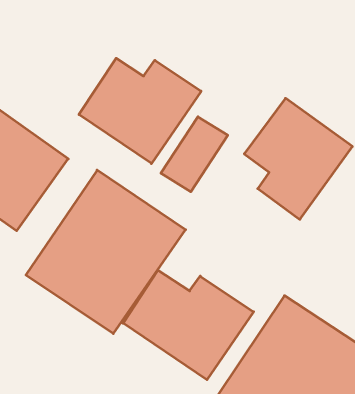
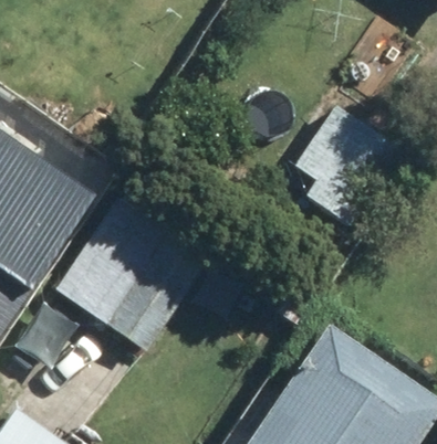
building: [79,58,201,164] -> none
building: [123,270,254,380] -> none

